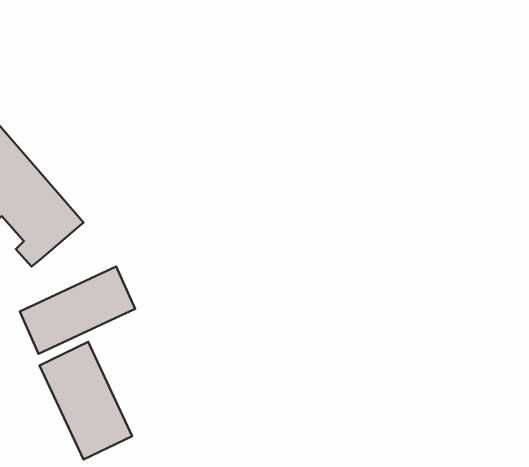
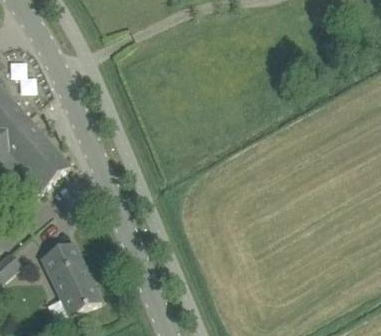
building: [20,267,135,354] -> none

